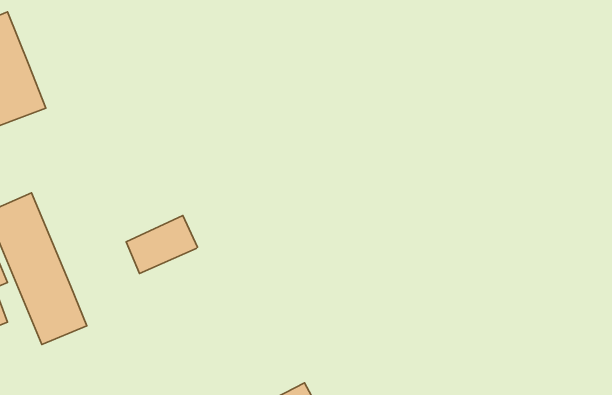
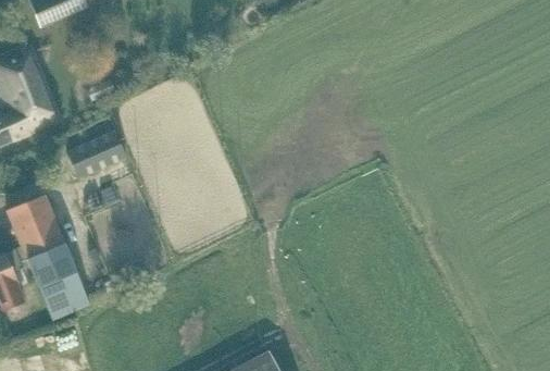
building: [126,216,197,274] -> [68,132,127,180]

